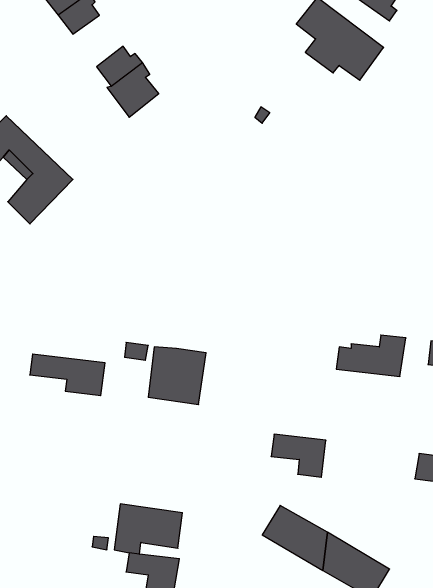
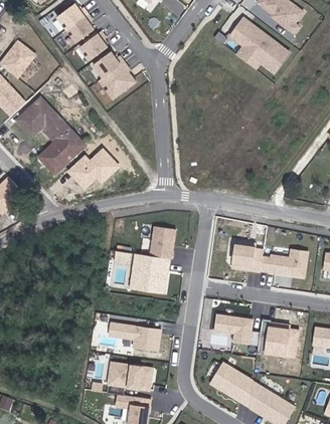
building: none -> [81,33,110,61]
building: none -> [61,147,112,185]
building: none -> [150,227,175,259]
building: none -> [229,242,263,270]
building: [30,354,105,396] -> [110,324,161,352]
building: none -> [257,319,297,356]

